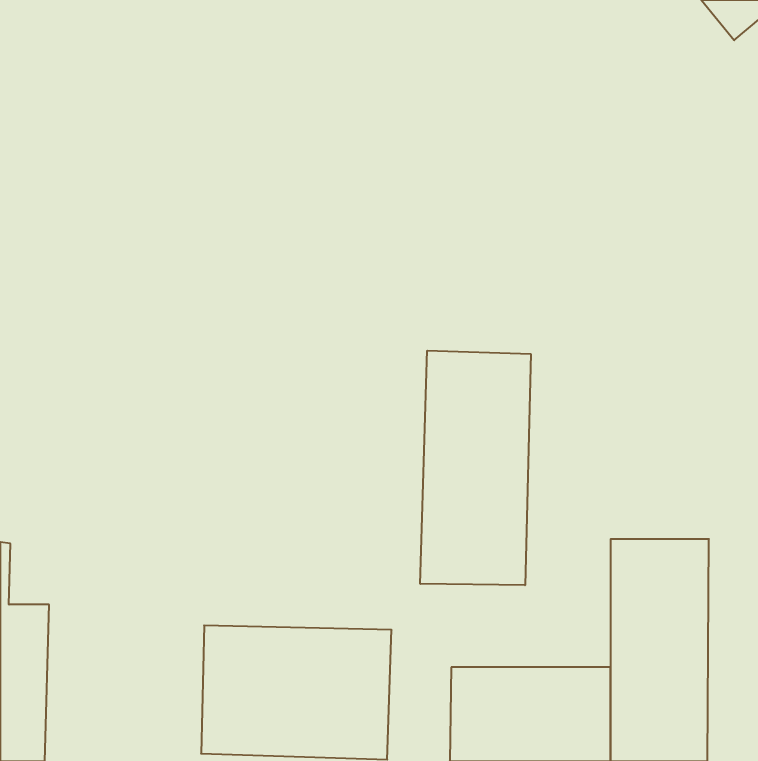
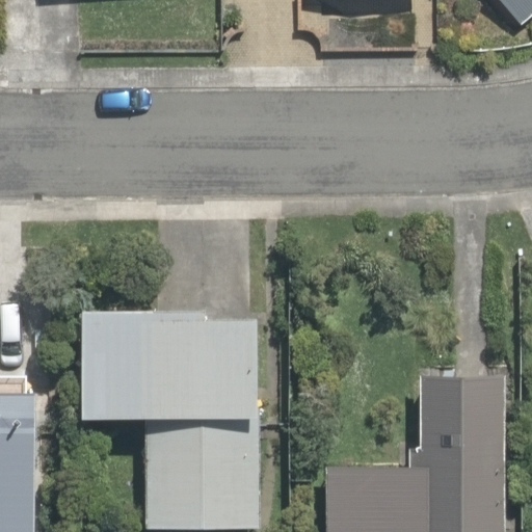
building: [420,351,531,585] -> none
building: none -> [80,311,258,422]

